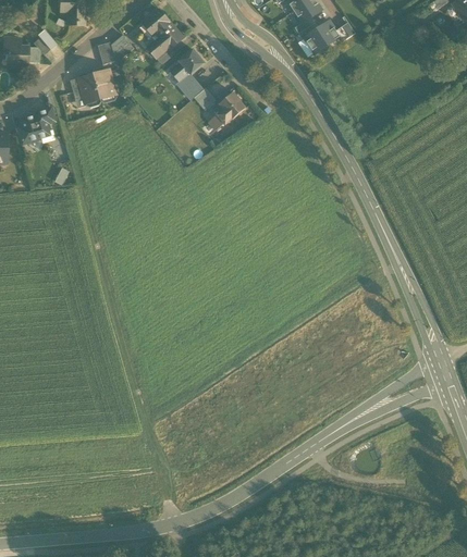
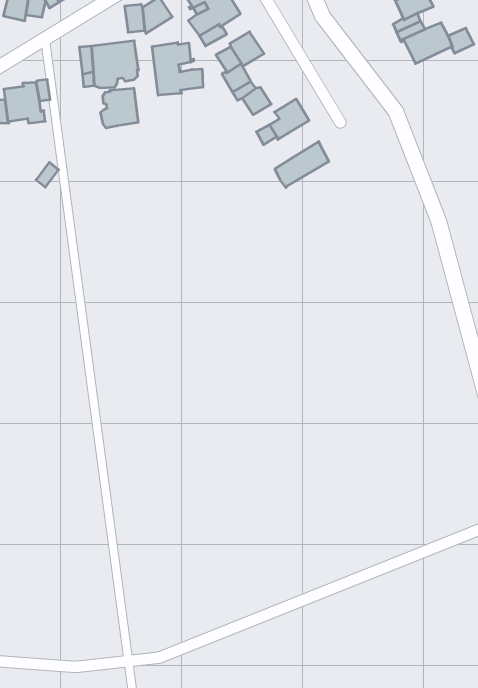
building: none -> [152,42,203,95]
building: none -> [101,88,138,128]
building: none -> [275,141,329,188]

